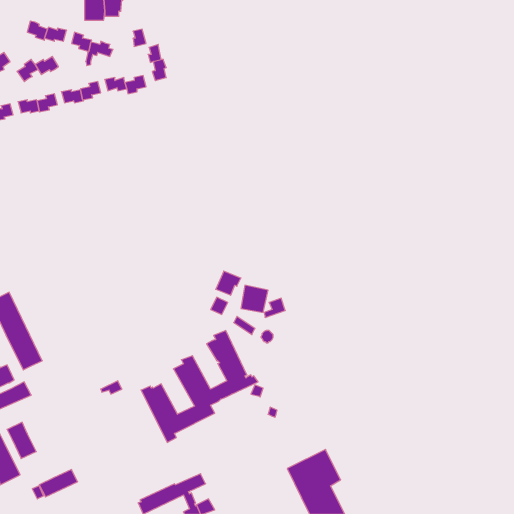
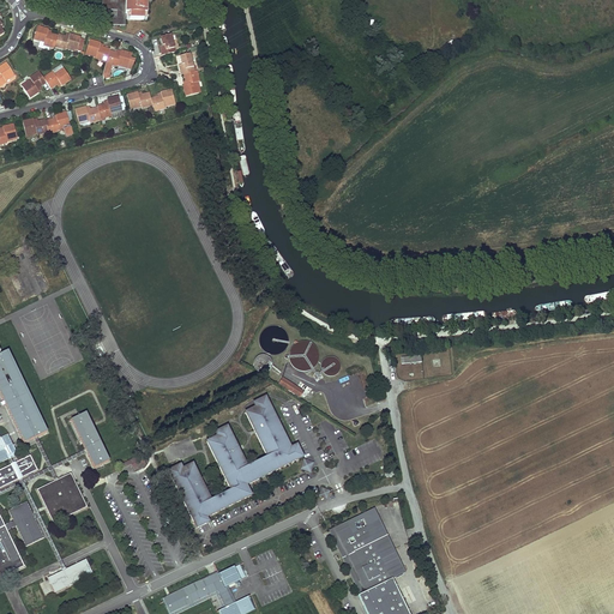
building: none -> [70,413,108,468]
building: none -> [36,472,86,523]
building: none -> [329,508,387,558]

